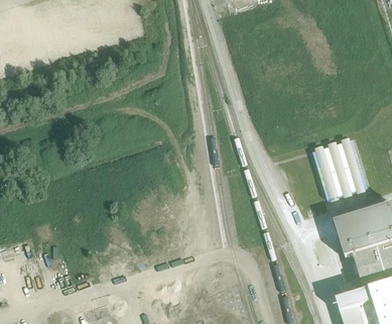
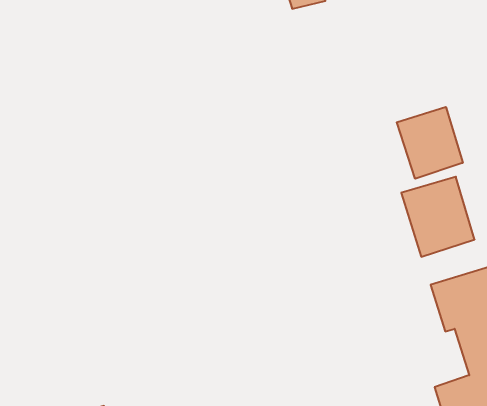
building: none -> [397,107,463,179]

